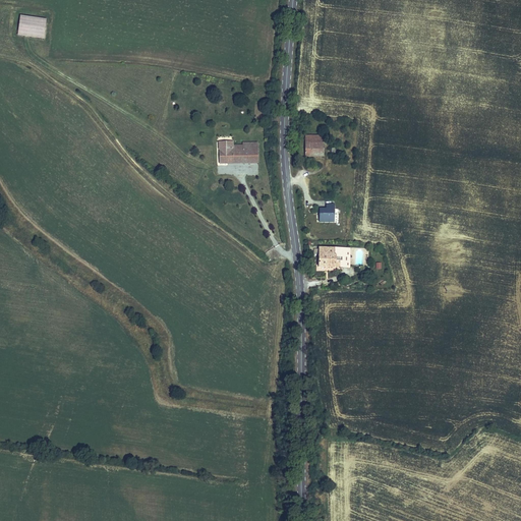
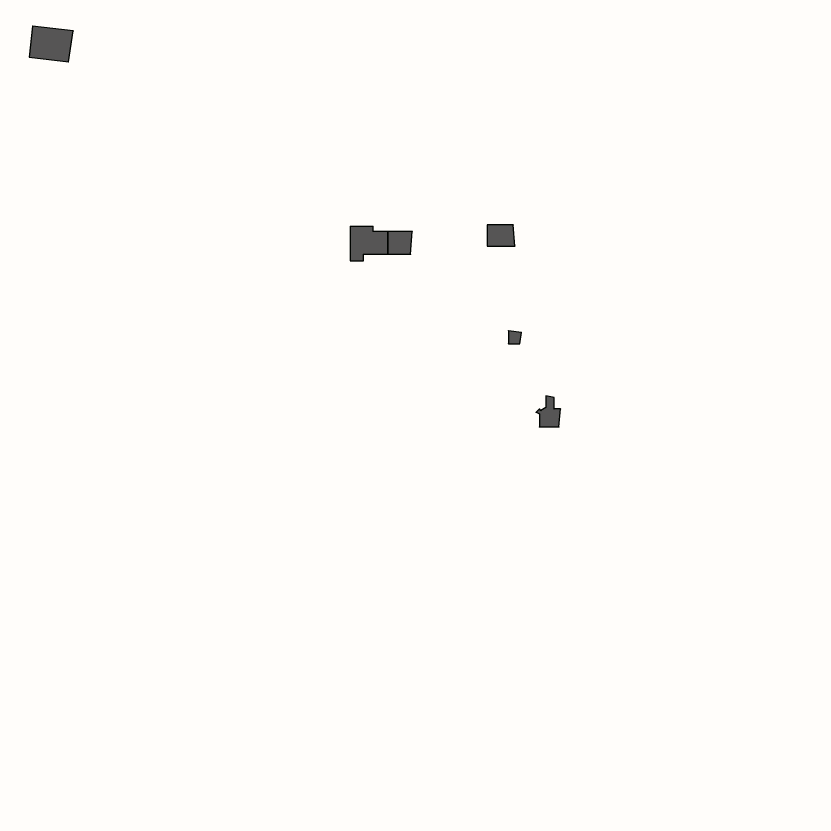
building: [320,246,342,267] -> none

